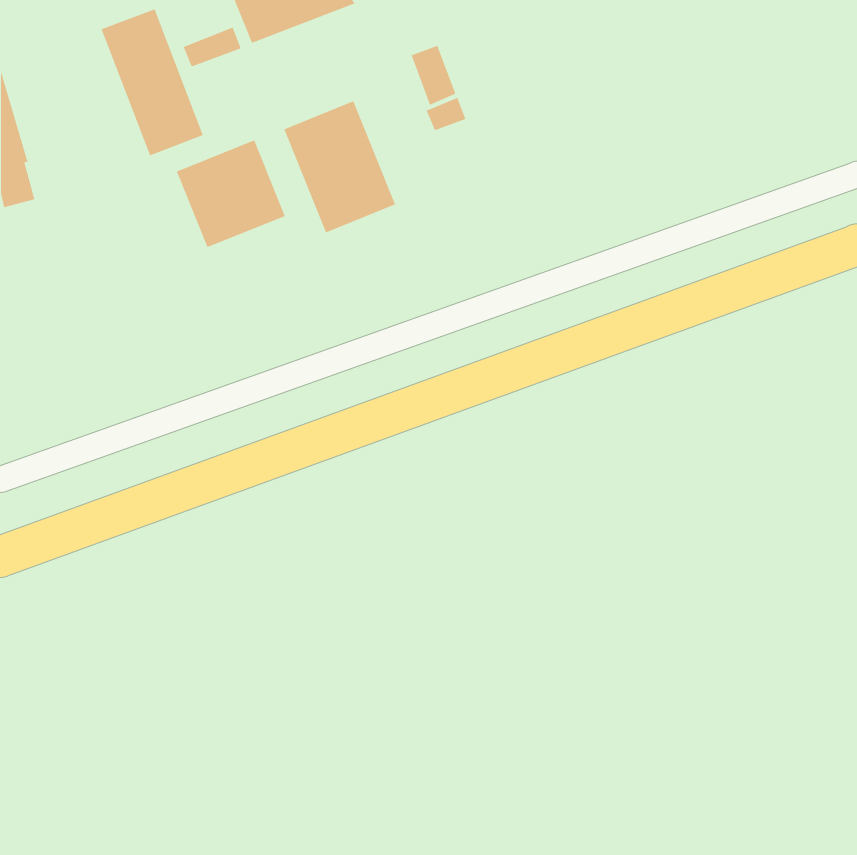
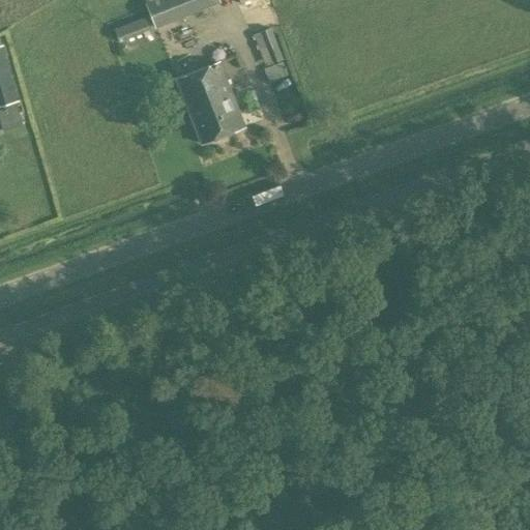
building: [101,8,204,156] -> none
building: [176,140,285,248] -> none

